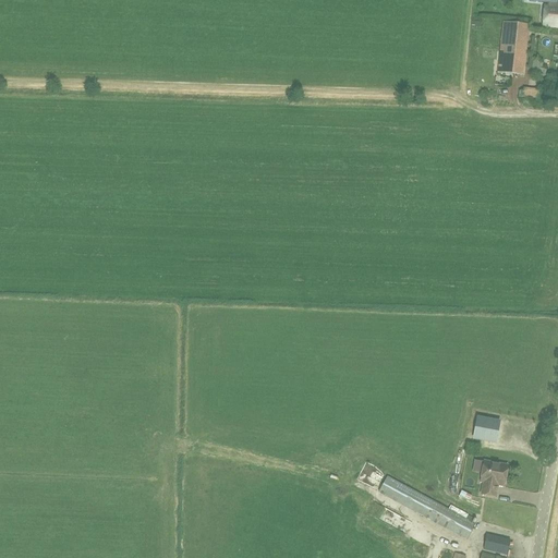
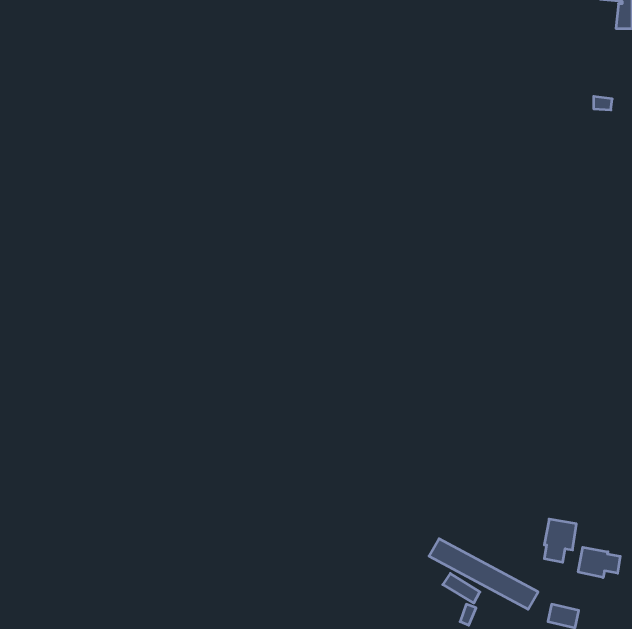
building: [498,21,525,73] -> none
building: [473,415,499,440] -> none
building: none -> [578,547,620,578]

